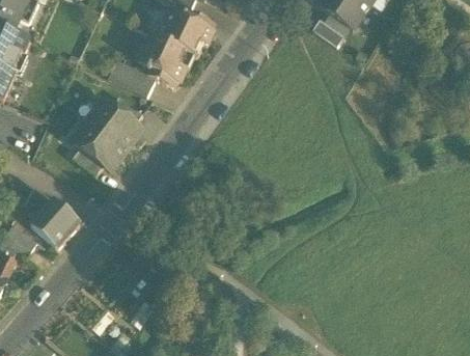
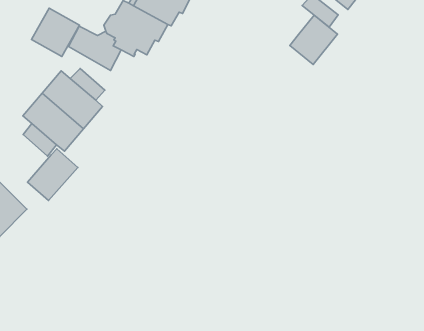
building: none -> [290,15,338,64]
building: none -> [31,8,80,57]
building: none -> [28,149,78,201]

